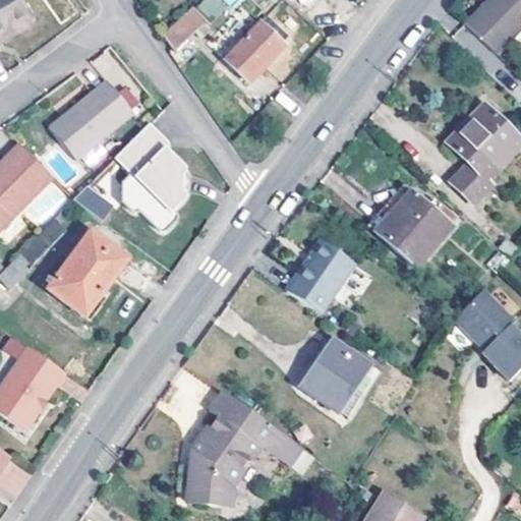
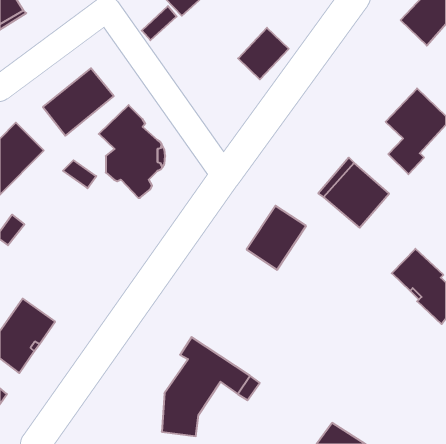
building: [227,21,286,81] -> [238,28,289,79]
building: [45,231,125,319] -> none
building: [305,340,372,410] -> none

